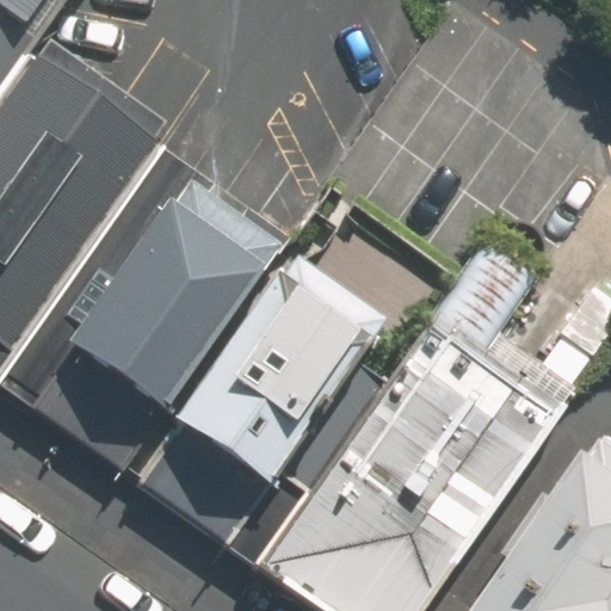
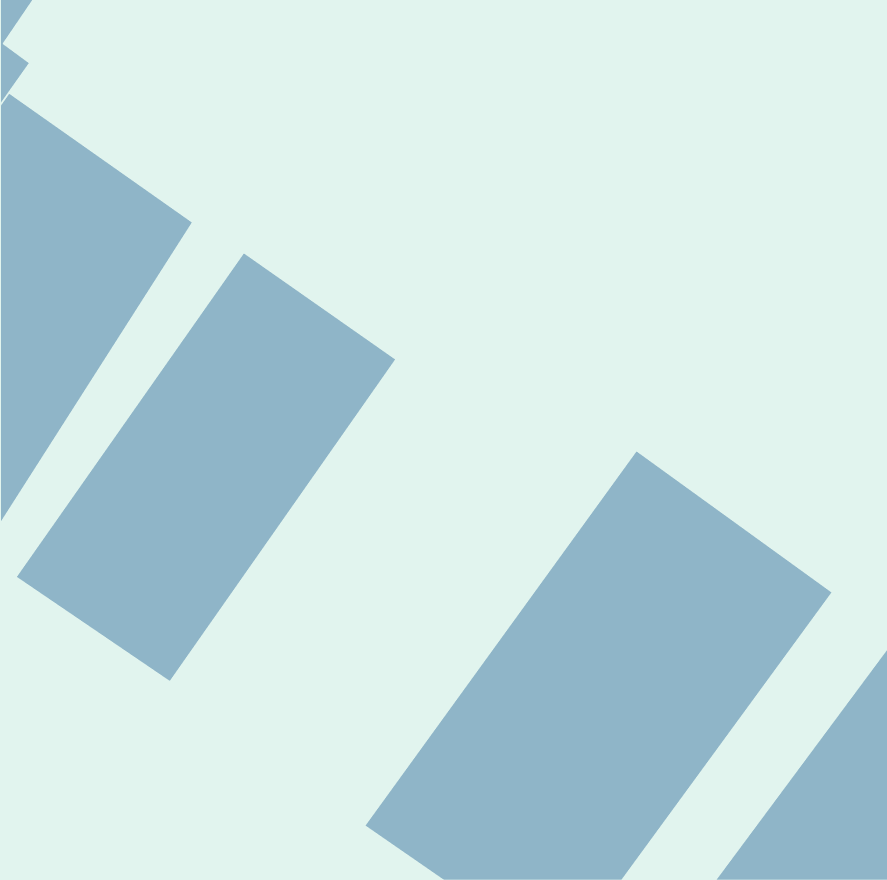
building: [137,257,383,538] -> none

